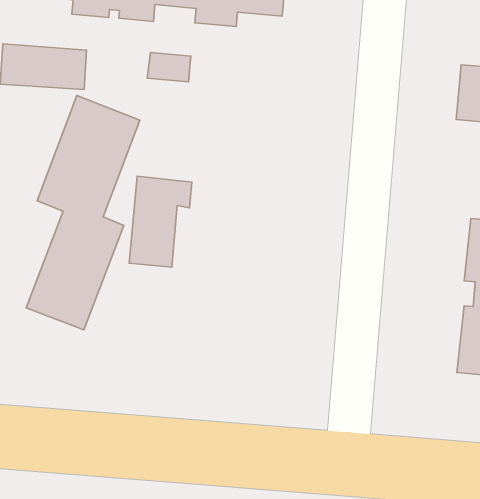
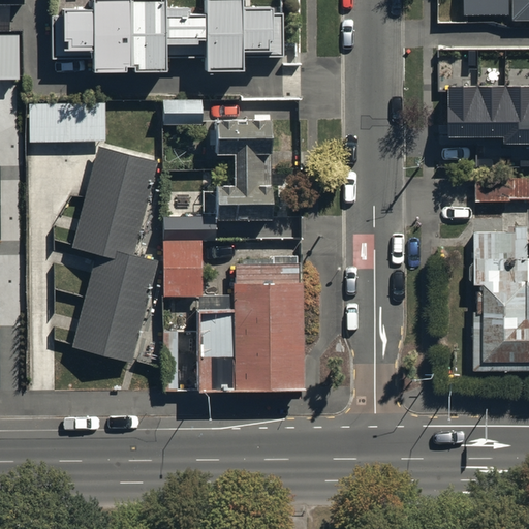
building: none -> [215,118,272,221]
building: none -> [196,281,301,390]

